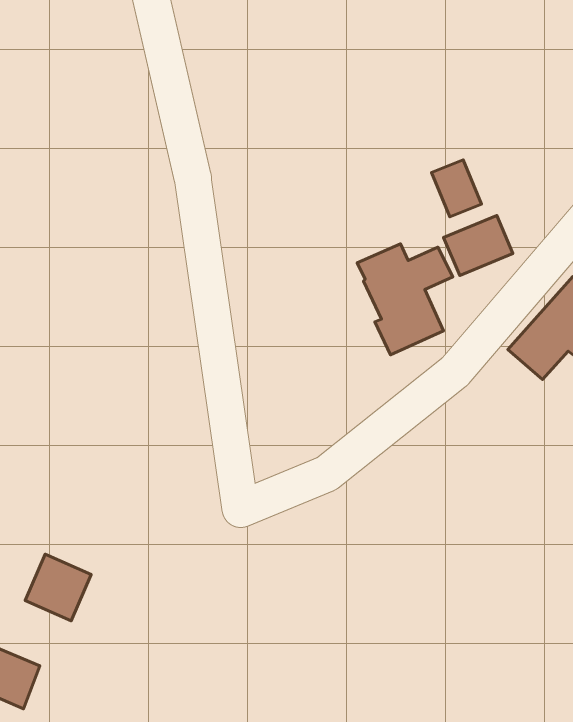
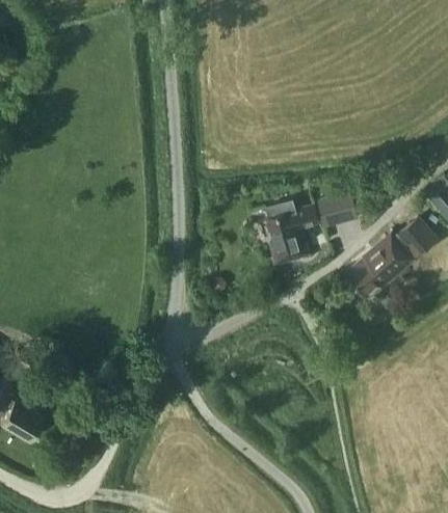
building: [432,160,481,217] -> none
building: [25,554,91,621] -> none

